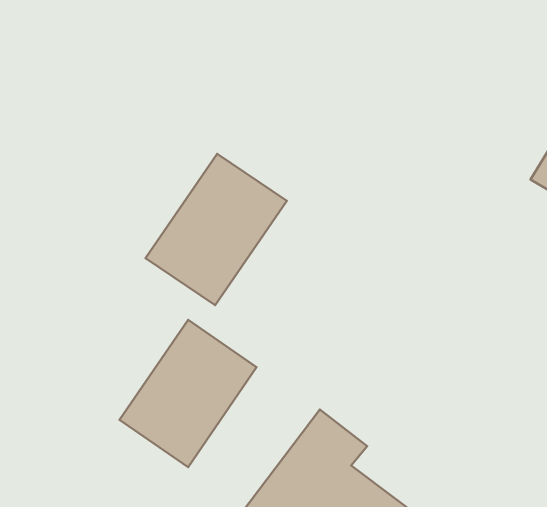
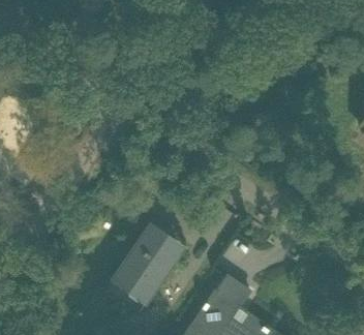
building: [146,154,287,305] -> none

